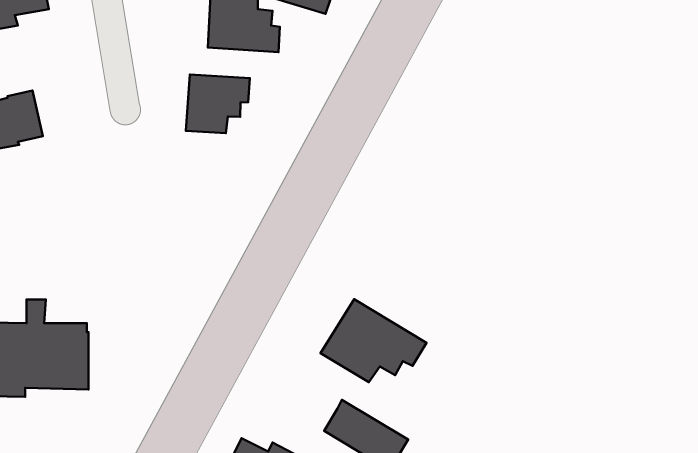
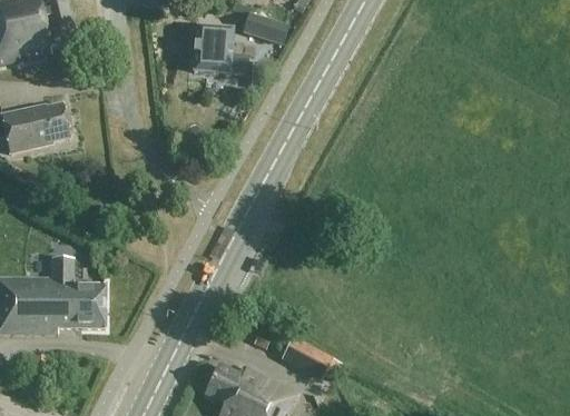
building: [186,74,250,133] -> none
building: [321,299,427,382] -> none

